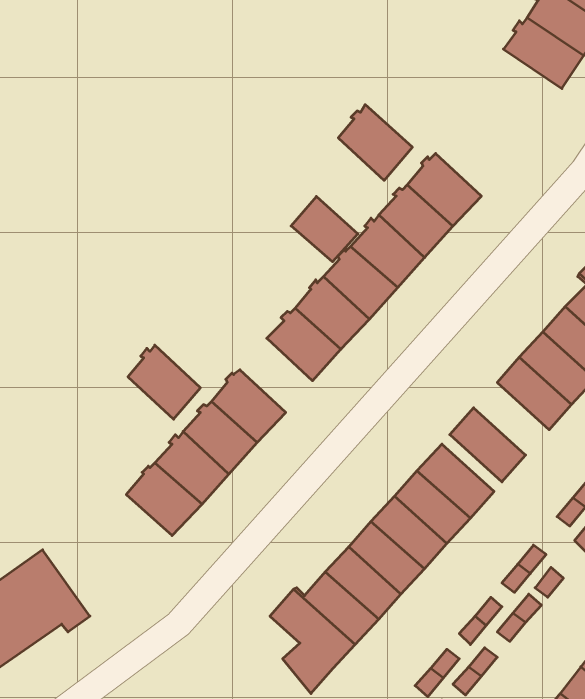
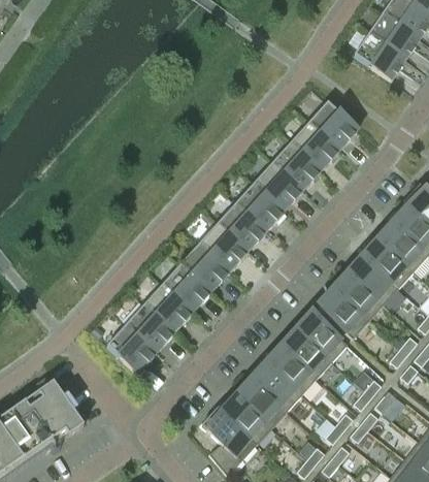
building: [338,105,412,180] -> [309,101,358,151]
building: [291,196,358,262] -> none
building: [128,345,200,419] -> [182,244,229,292]
building: none -> [334,272,384,320]

